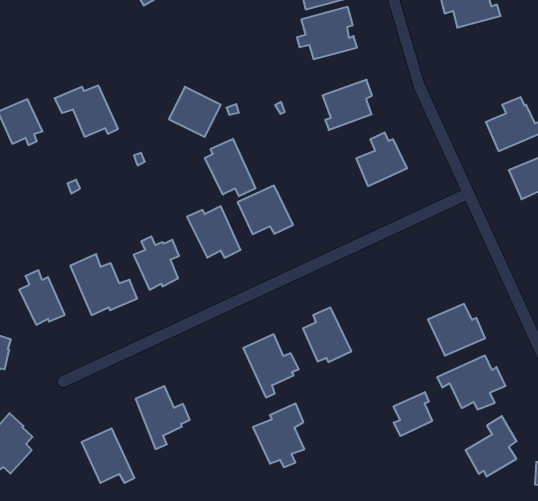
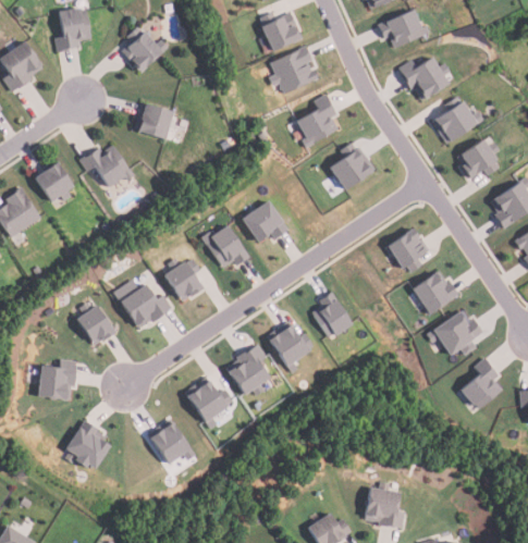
building: none -> [397,57,450,100]
building: [169,87,221,137] -> [132,102,172,140]
building: [205,139,255,196] -> none
building: none -> [382,229,428,272]
building: [393,392,432,436] -> none
building: [253,403,304,467] -> [224,343,269,396]

